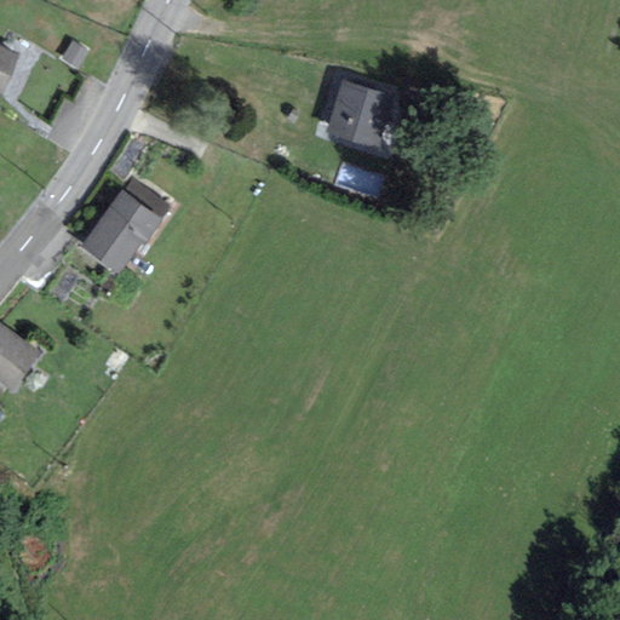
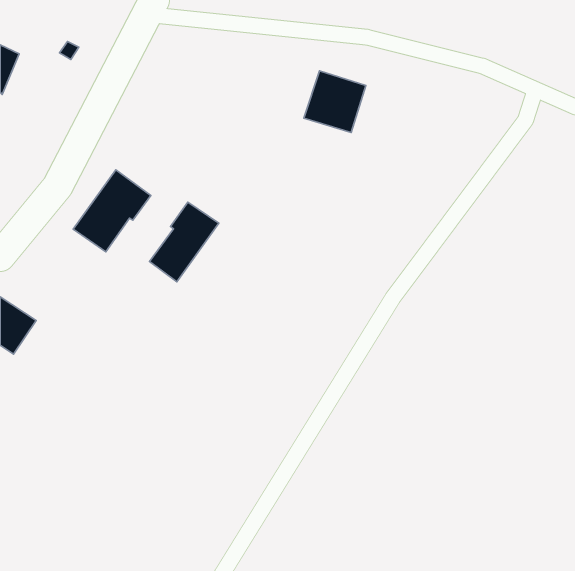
building: none -> [149,202,219,282]

